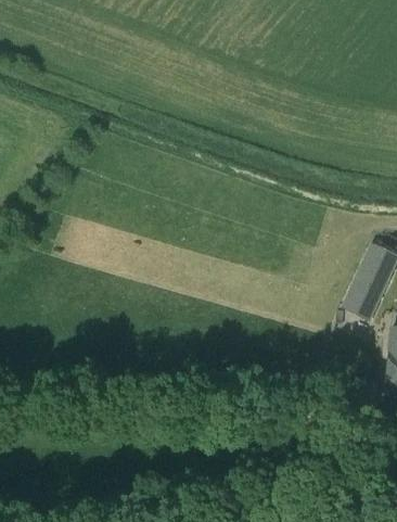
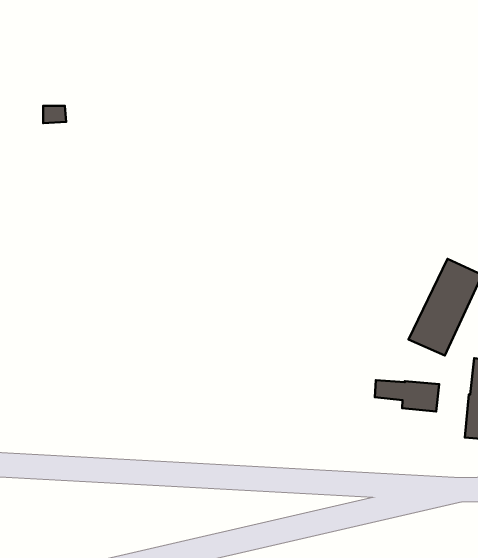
building: none -> [375,380,439,411]

